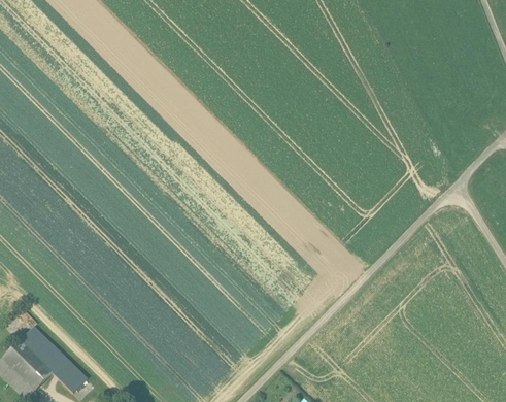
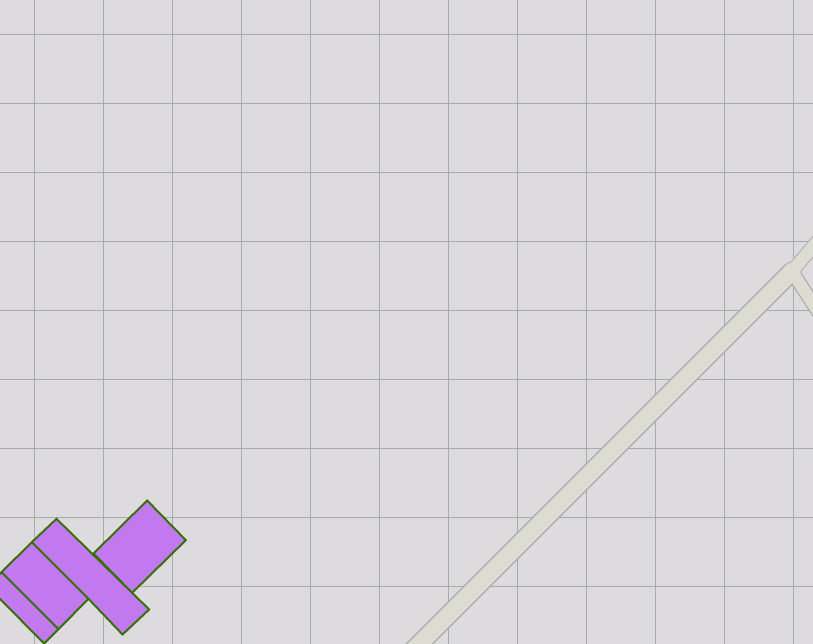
building: none -> [93,501,186,593]

